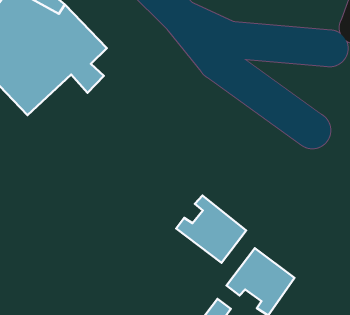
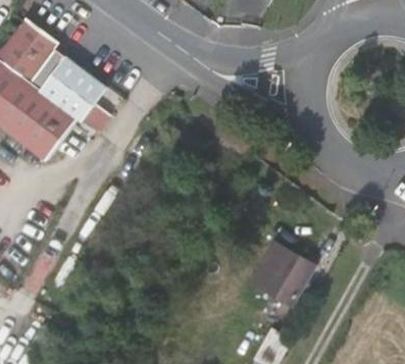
building: [176,196,246,263] -> none

